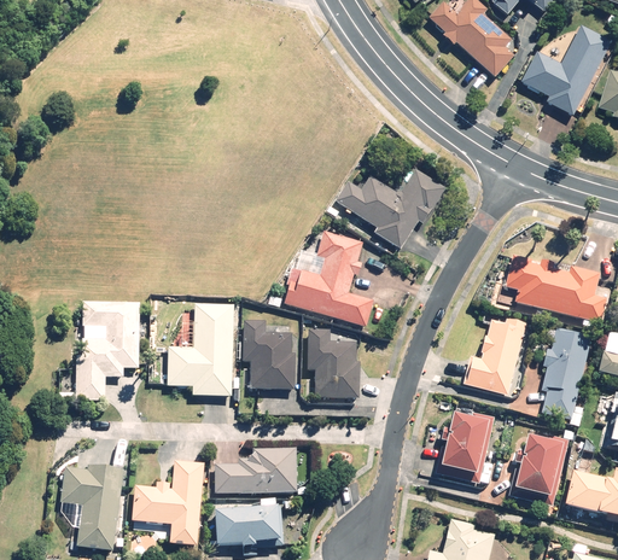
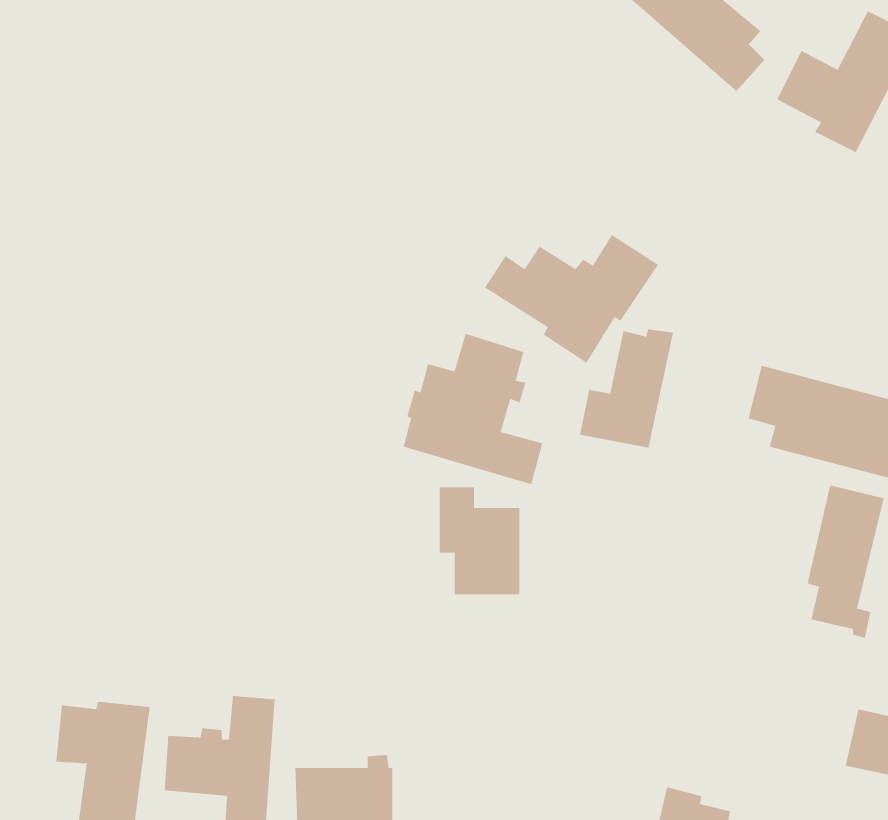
building: [76,302,139,401] -> none
building: [168,303,233,397] -> none
building: [464,319,524,395] -> [579,329,674,448]
building: [243,320,296,390] -> none
building: [435,413,491,485] -> none
building: [508,434,567,507] -> none
building: [215,448,298,492] -> none

